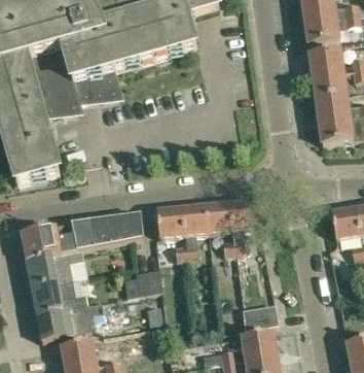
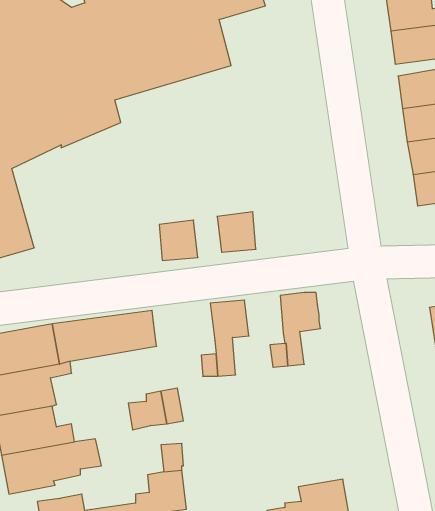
building: [204,204,230,232] -> [217,212,256,252]
building: [156,209,183,237] -> [159,220,198,260]
building: [242,304,278,330] -> none

